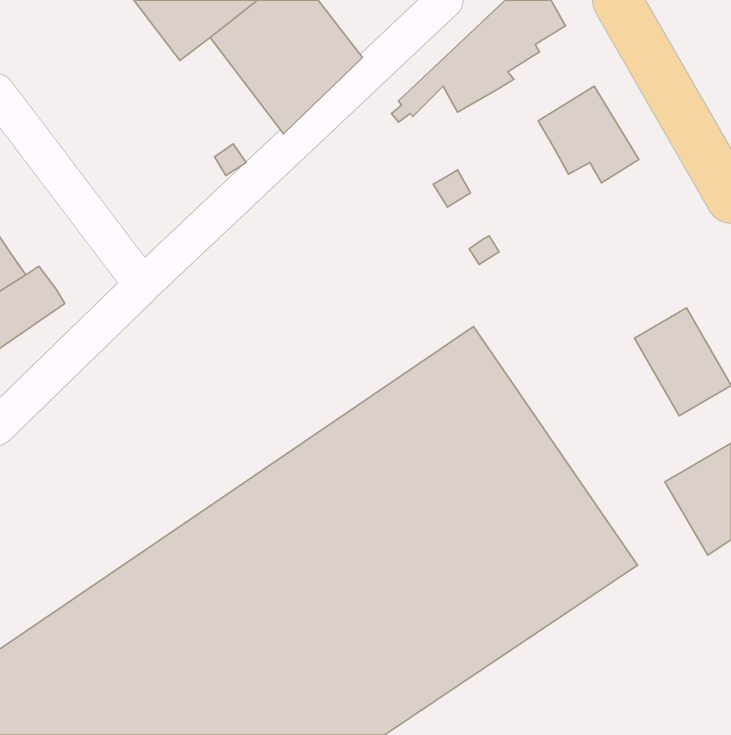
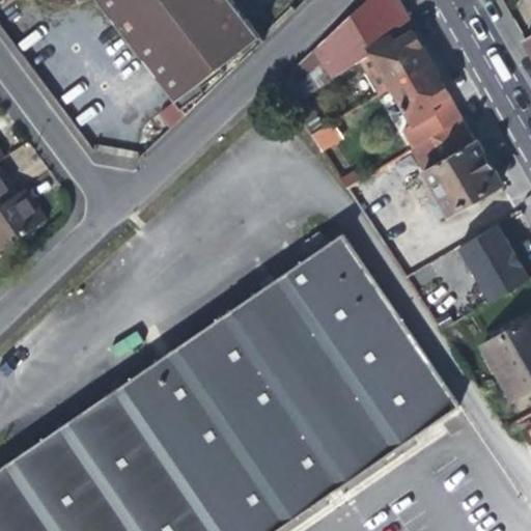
building: none -> [359,19,428,87]
building: none -> [130,27,204,115]
building: none -> [409,115,500,219]

